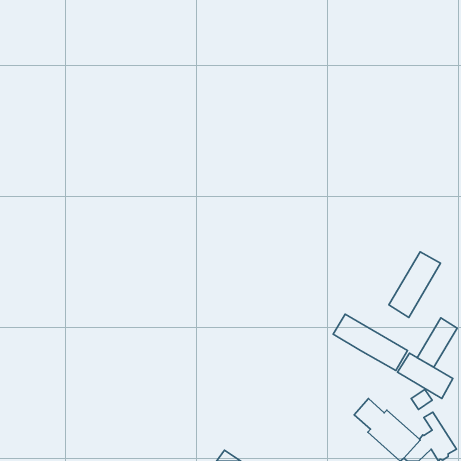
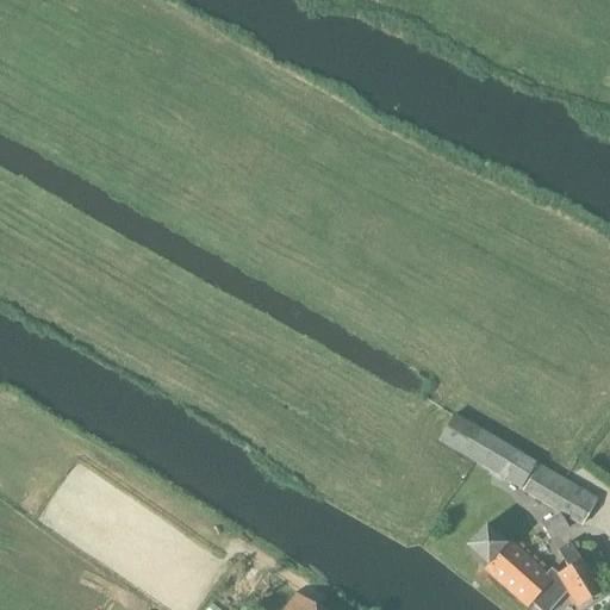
building: [389,252,441,318] -> none
building: [417,318,457,367] -> none

